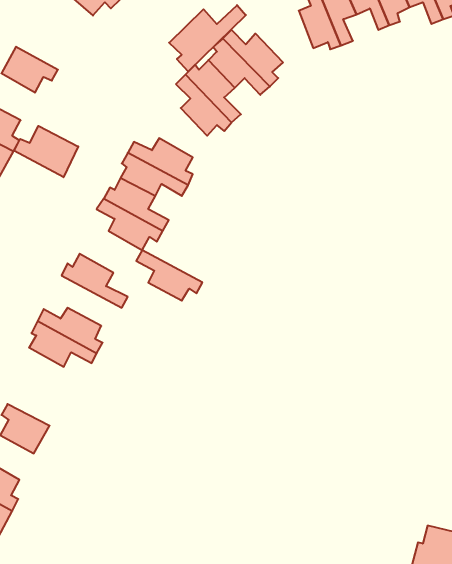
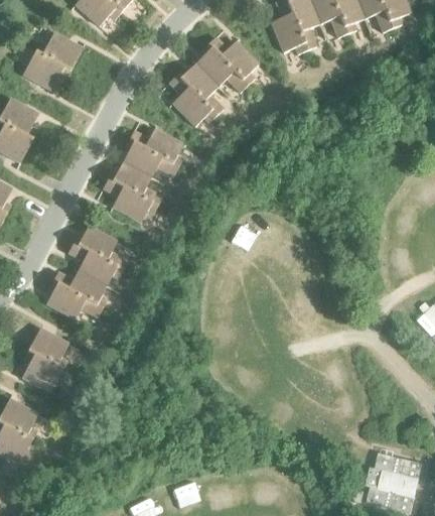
building: [169,5,246,71] -> none
building: none -> [34,33,82,72]
building: [14,126,78,177] -> none
building: [136,250,202,301] -> [67,244,123,286]
building: none -> [27,329,68,370]

